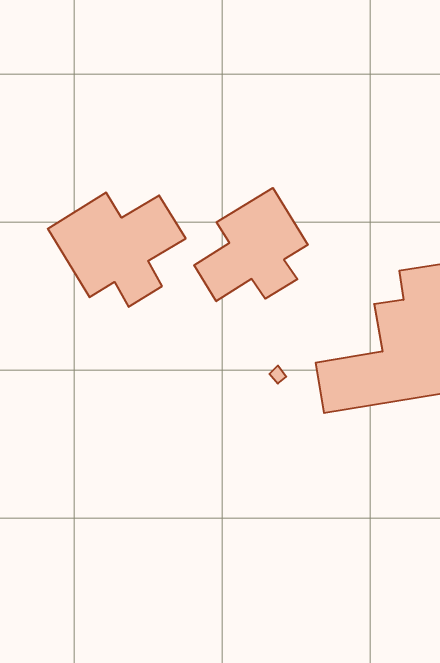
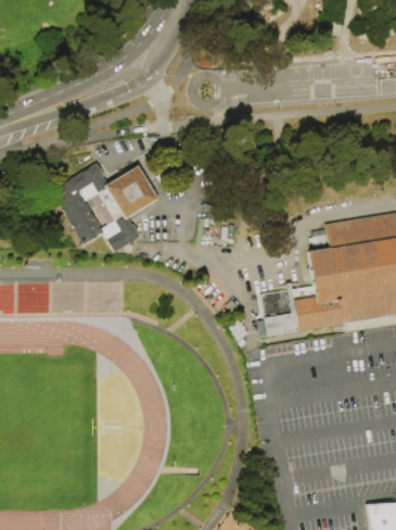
building: [194,188,308,301] -> none

